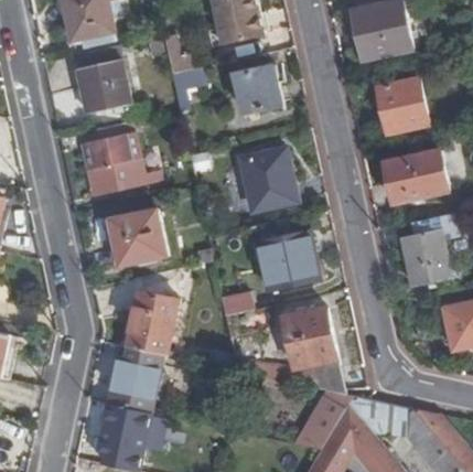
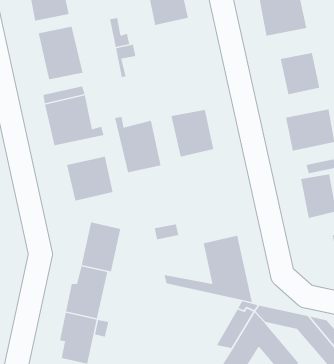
building: [234,65,282,114] -> none
building: none -> [114,116,161,173]
building: [259,230,319,289] -> none

